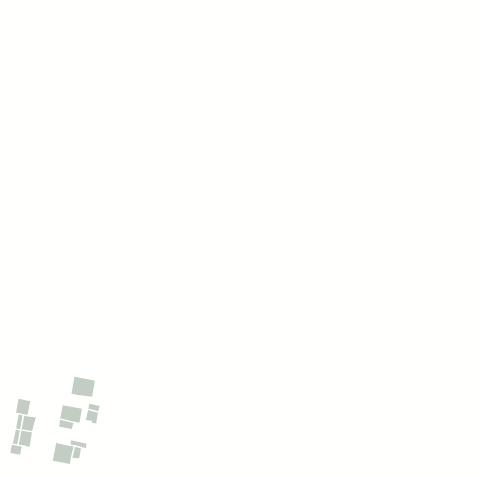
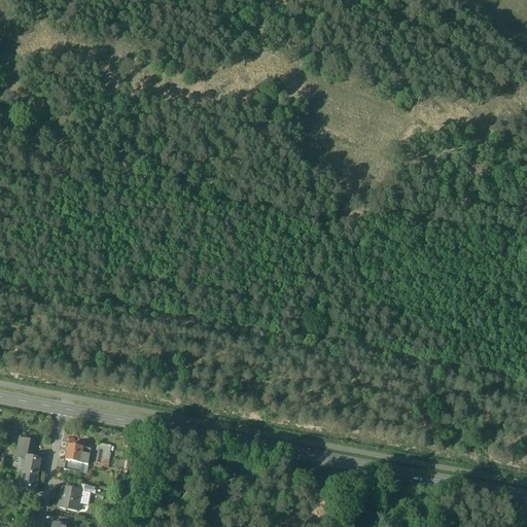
building: [70,376,96,397] -> none

